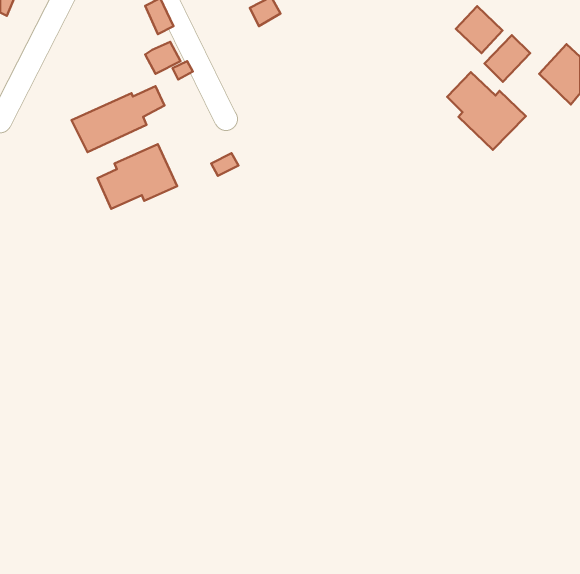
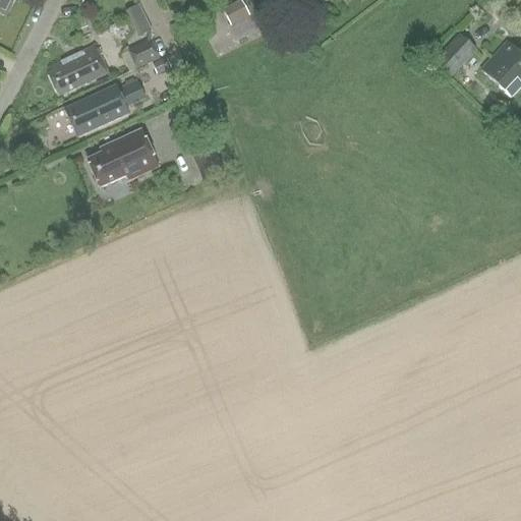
building: [456,6,503,53] -> none
building: none -> [48,44,108,94]
building: [447,72,526,150] -> none

